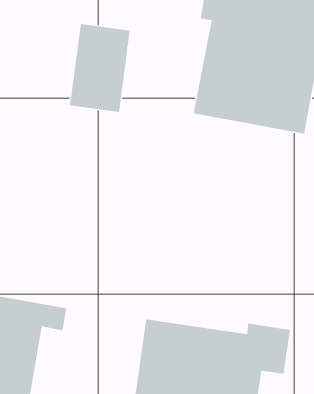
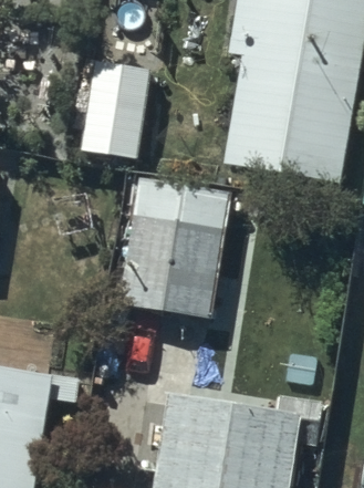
building: none -> [114,214,222,320]

